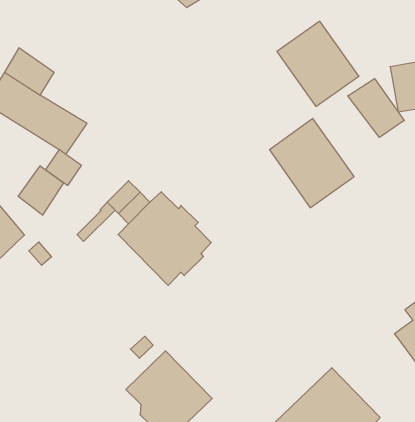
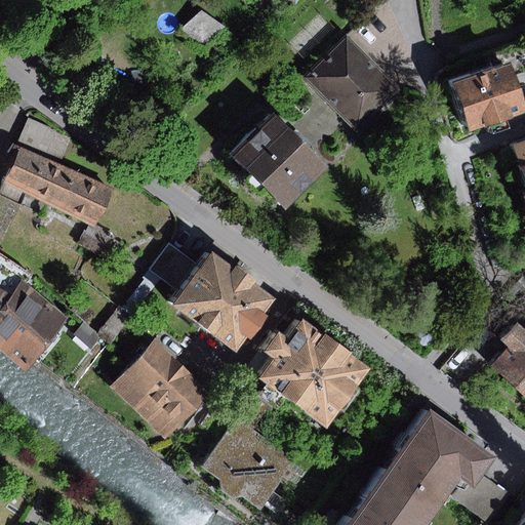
building: [348,79,404,137] -> none
building: [270,118,354,208] -> [230,115,325,211]
building: [18,166,63,215] -> none
building: none -> [260,317,369,427]
building: none -> [116,342,211,437]

